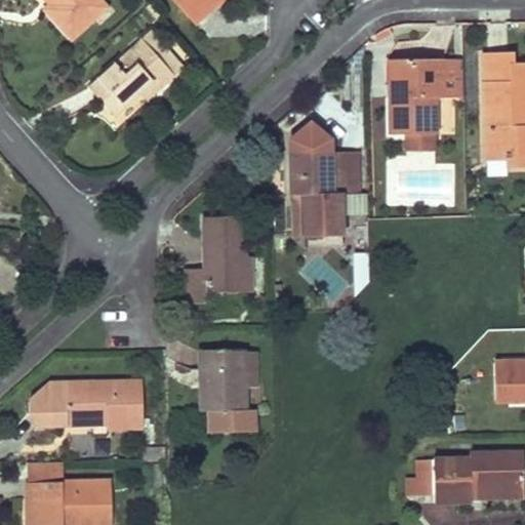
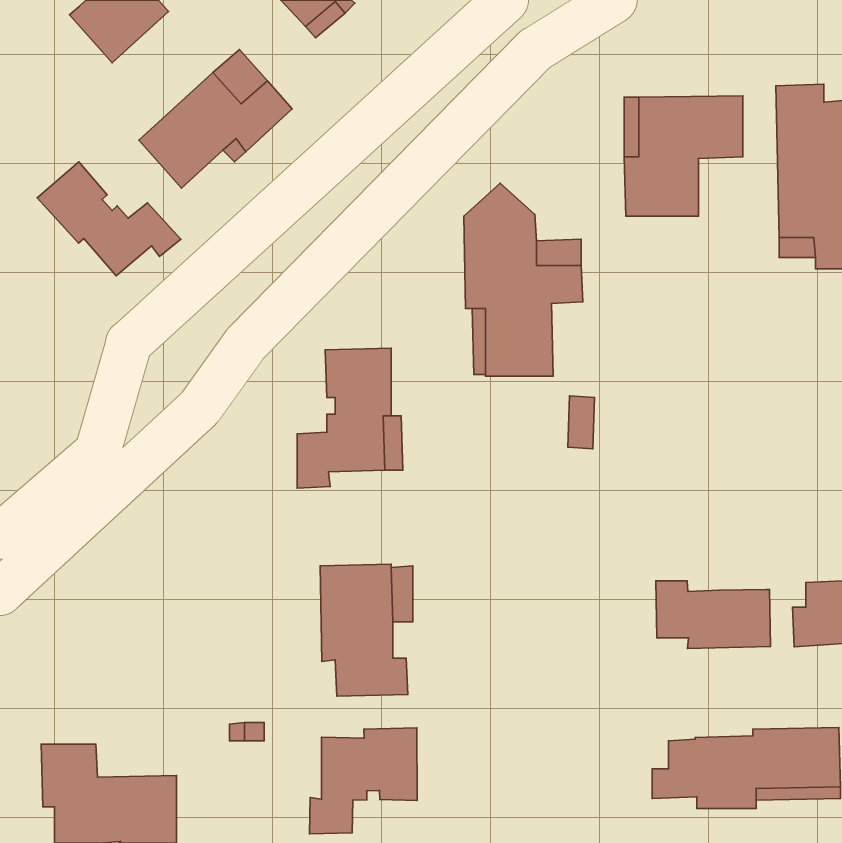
building: none -> [37,162,181,276]
building: none -> [656,581,771,649]
building: [28,381,143,428] -> none
building: none -> [310,728,417,834]

